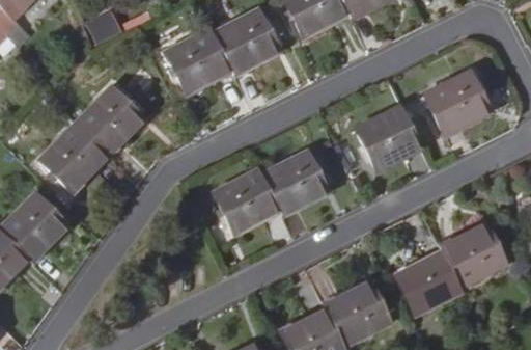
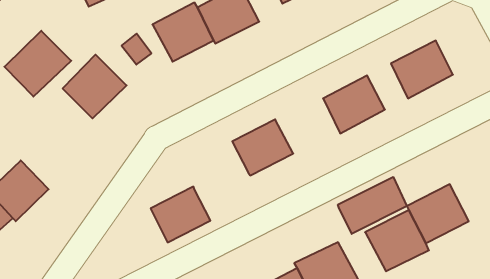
building: [39,124,109,192] -> [4,31,71,97]
building: [208,176,271,234] -> [151,187,210,242]
building: none -> [338,177,407,234]

